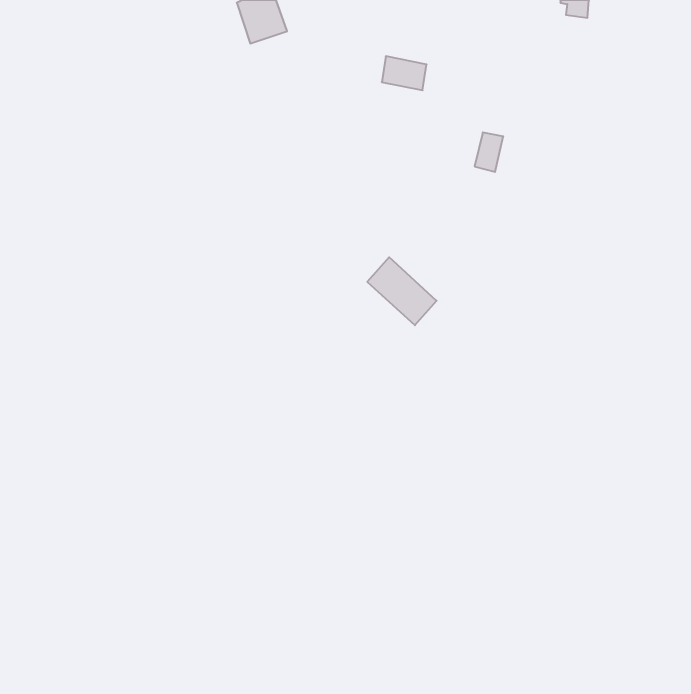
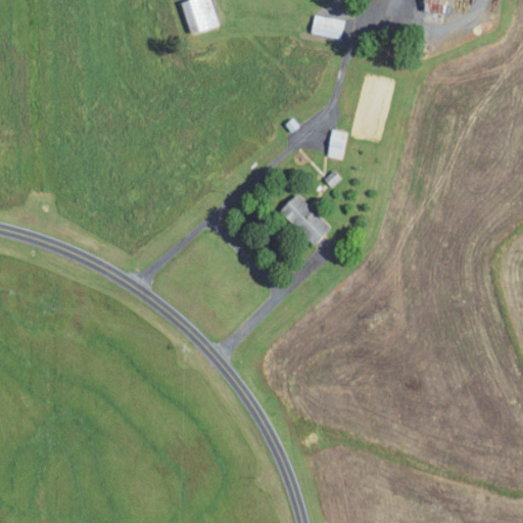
building: [382,56,427,90] -> [312,14,345,40]
building: [475,132,503,172] -> [327,130,348,159]

